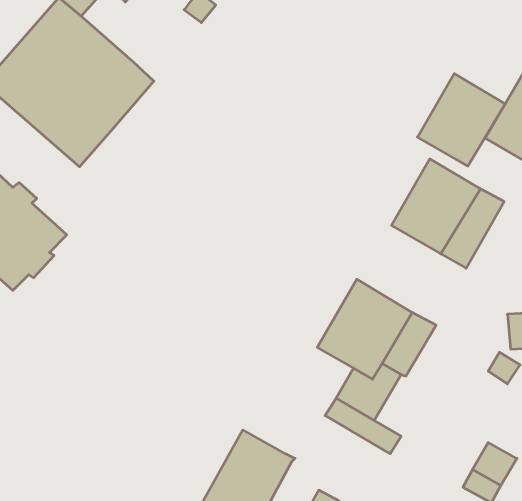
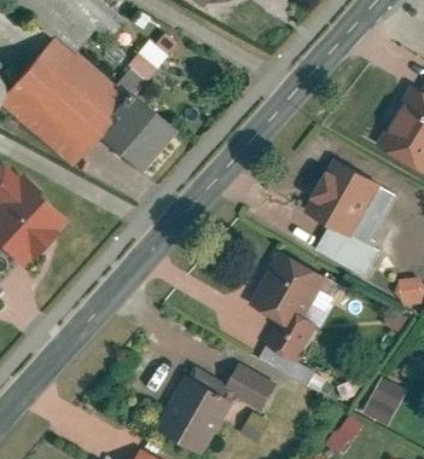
building: none -> [95,69,173,173]
building: [417,74,505,166] -> none
building: none -> [227,365,274,408]

